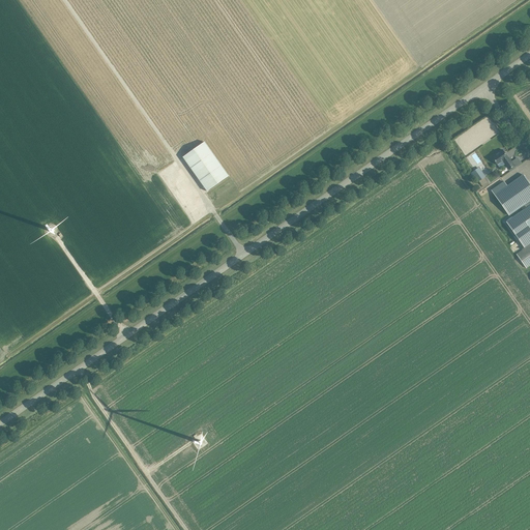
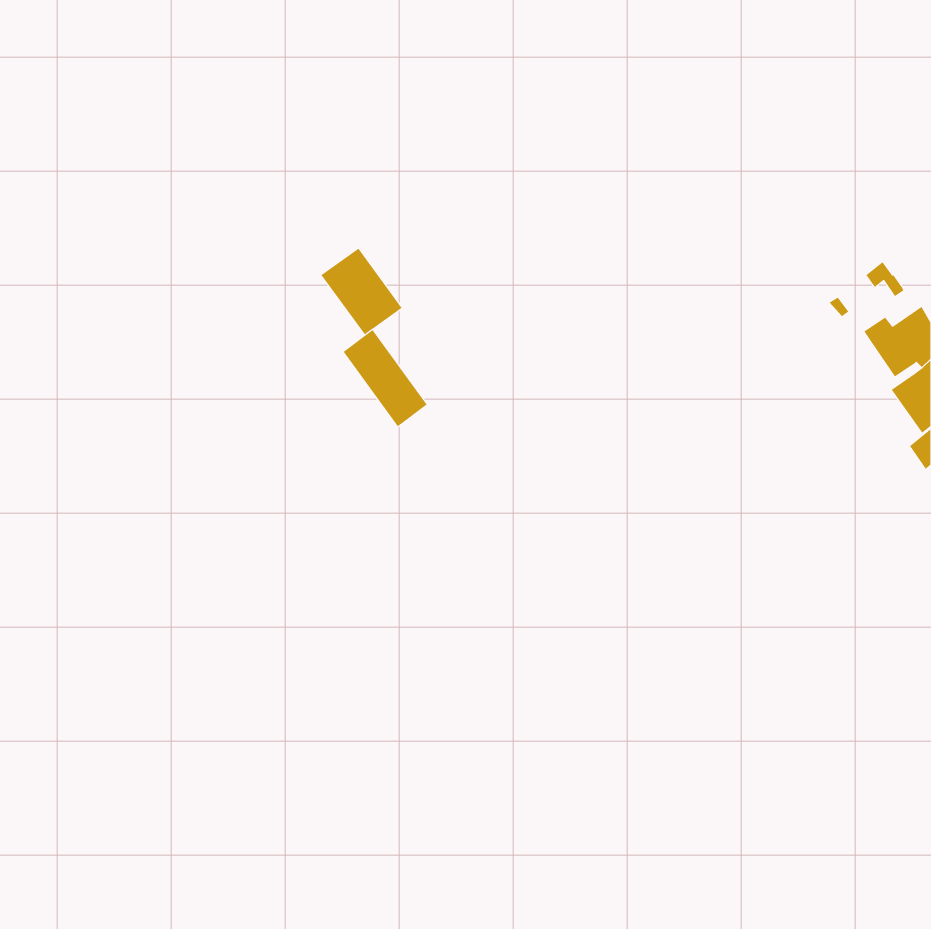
building: none -> [343,329,427,427]

